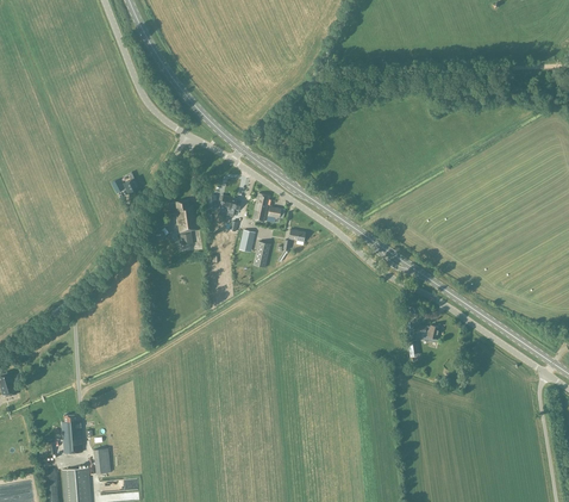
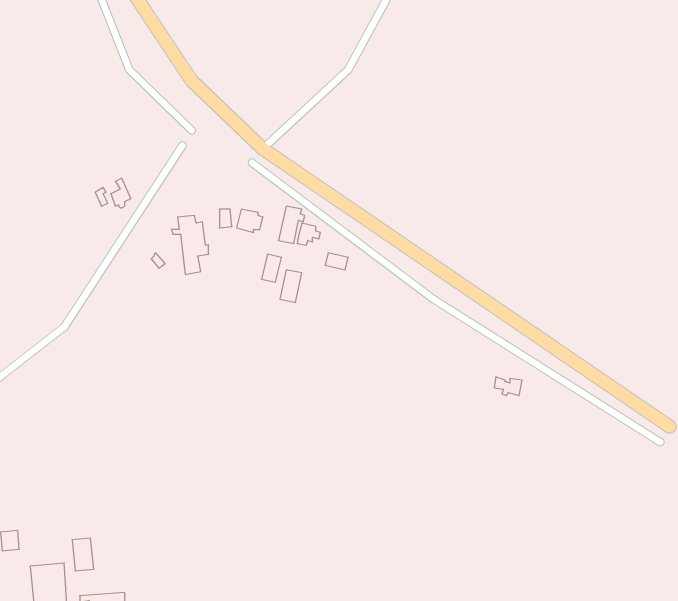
building: [62,415,82,453] -> none

